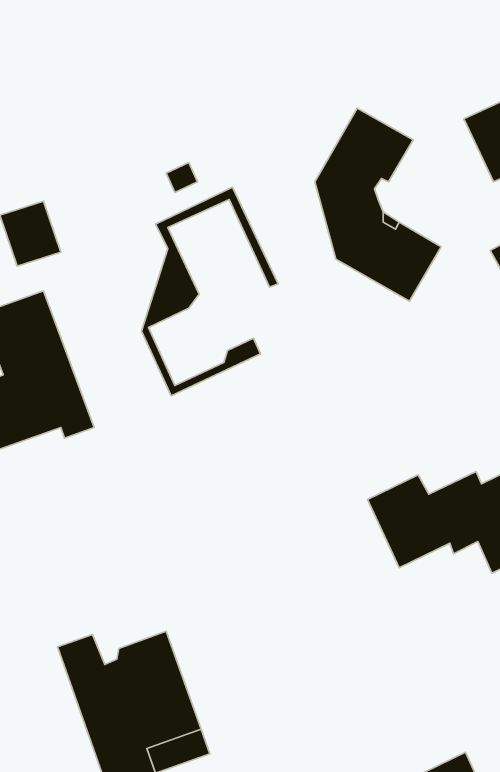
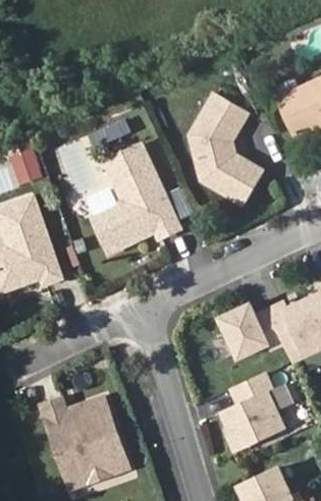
building: none -> [94,146,179,254]
building: none -> [222,375,284,451]

